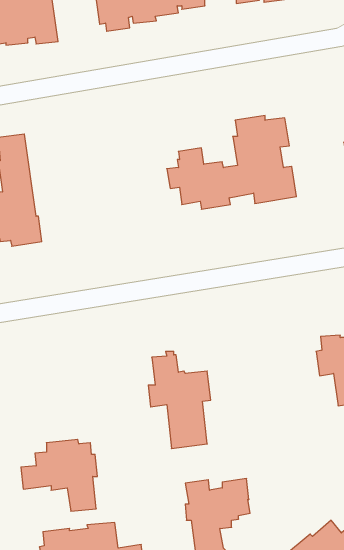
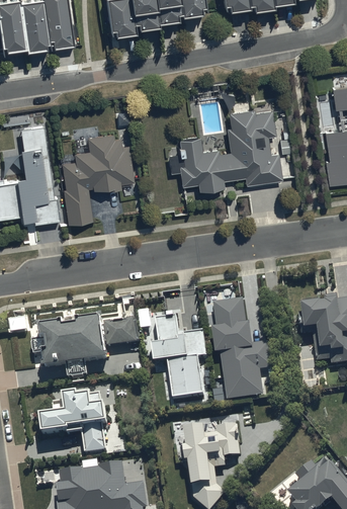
building: none -> [62,133,135,224]
building: none -> [213,300,273,401]
building: none -> [32,318,141,379]

